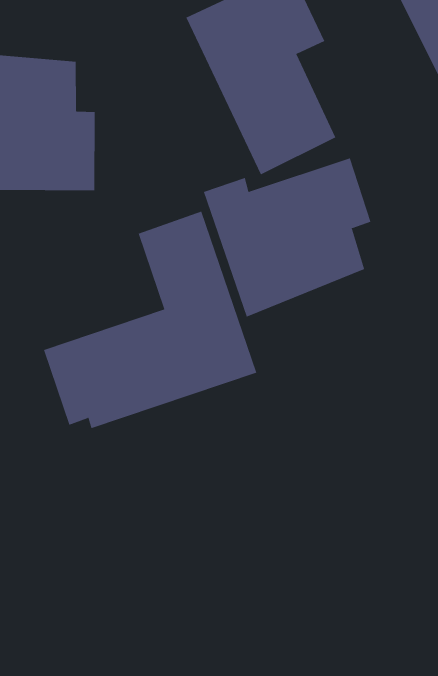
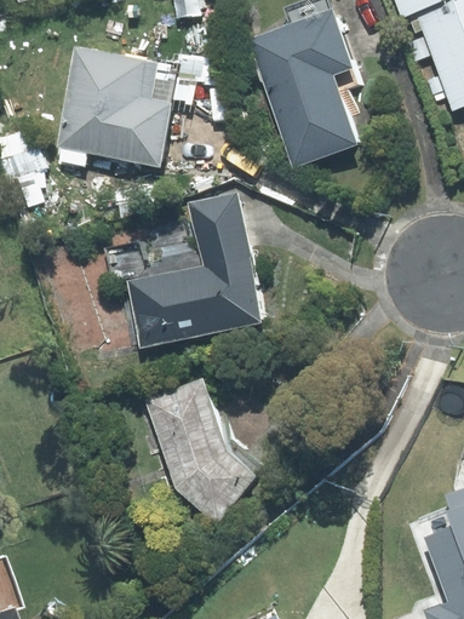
building: [203,158,371,318] -> none
building: none -> [143,378,263,514]

